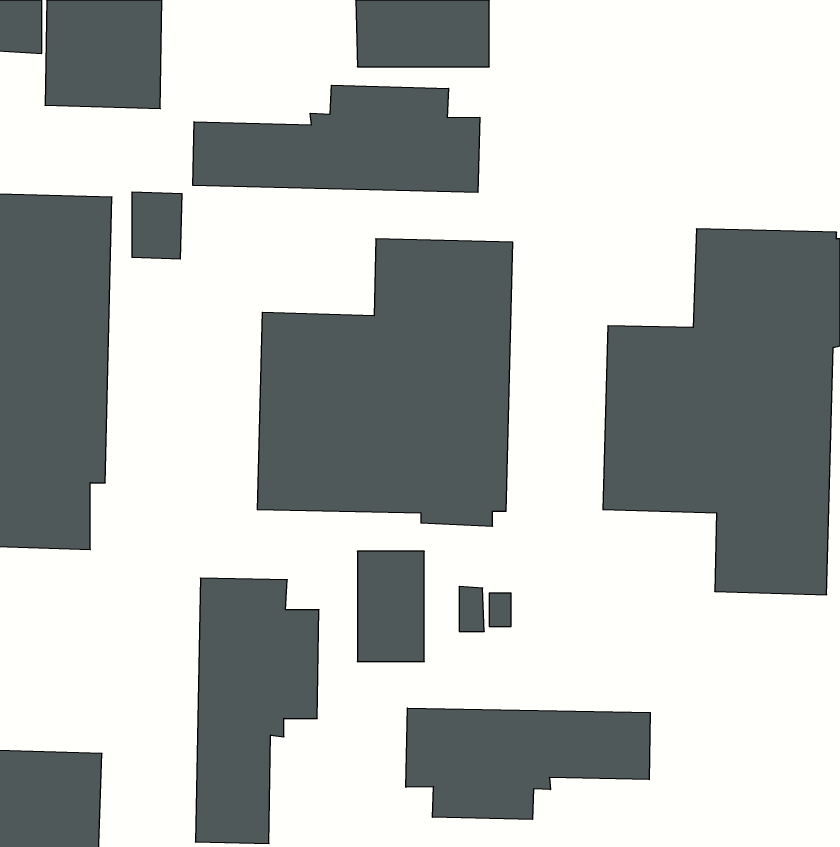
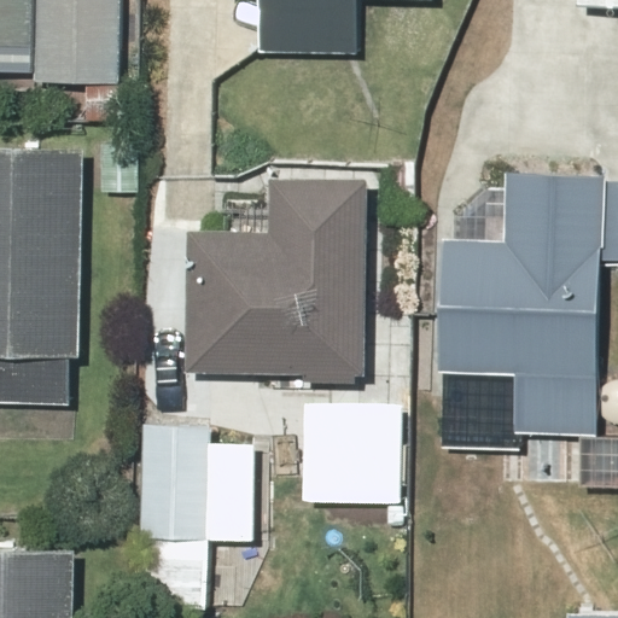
building: [193,85,480,192] -> none
building: [406,708,650,819] -> none

